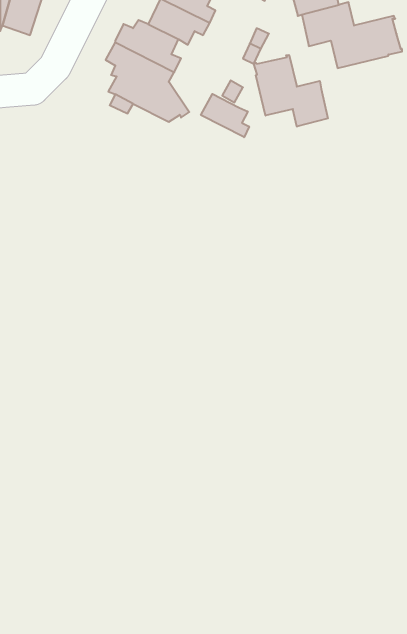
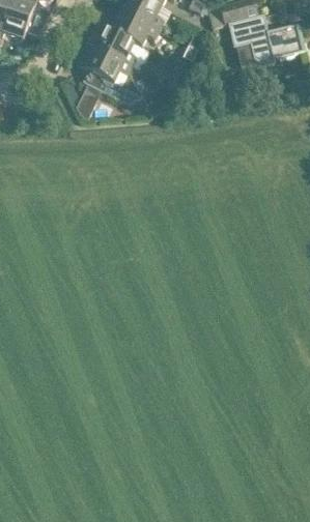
building: [254,55,328,127] -> none
building: [201,94,249,137] -> none

